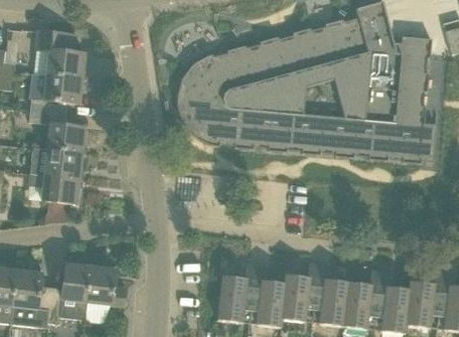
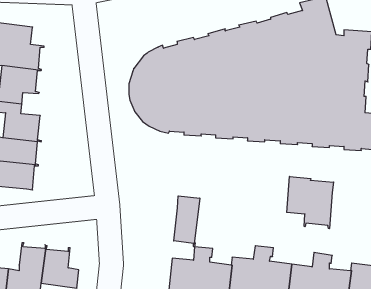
building: none -> [287,176,334,229]
building: none -> [174,196,200,247]

